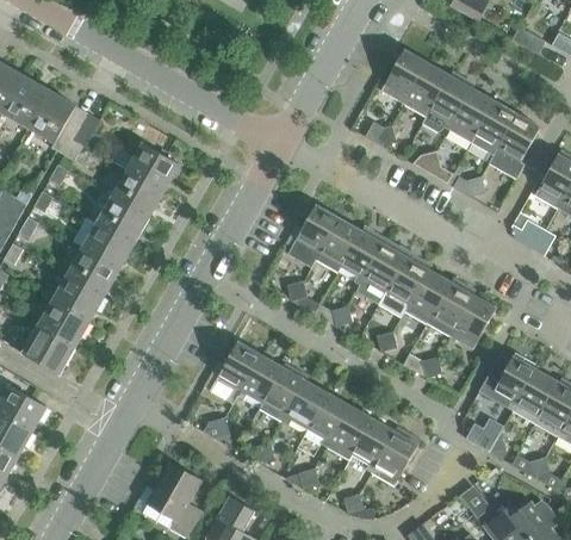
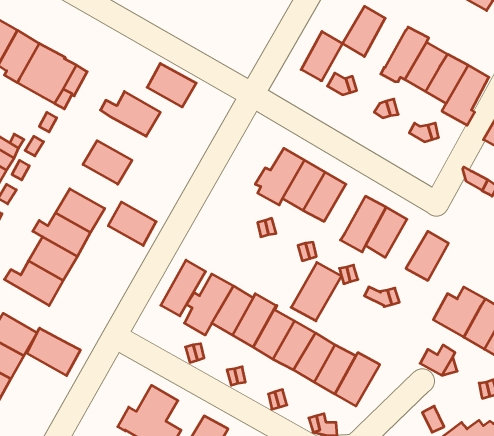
building: [404,62,449,116] -> [301,31,343,81]
building: [112,169,166,217] -> [147,63,196,107]
building: [82,222,135,269] -> [108,202,156,246]
building: [360,243,405,297] -> none
building: [427,278,476,335] -> none
building: none -> [161,260,206,316]
building: none -> [291,262,342,321]
building: none -> [27,328,80,376]

